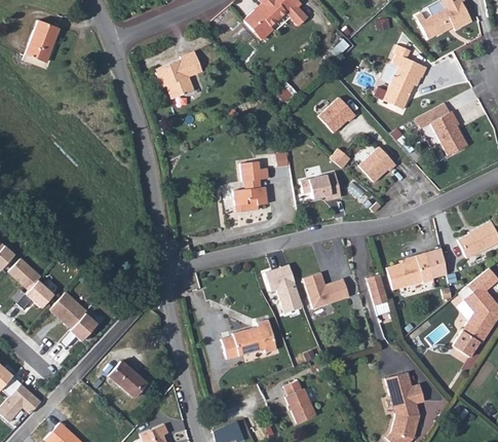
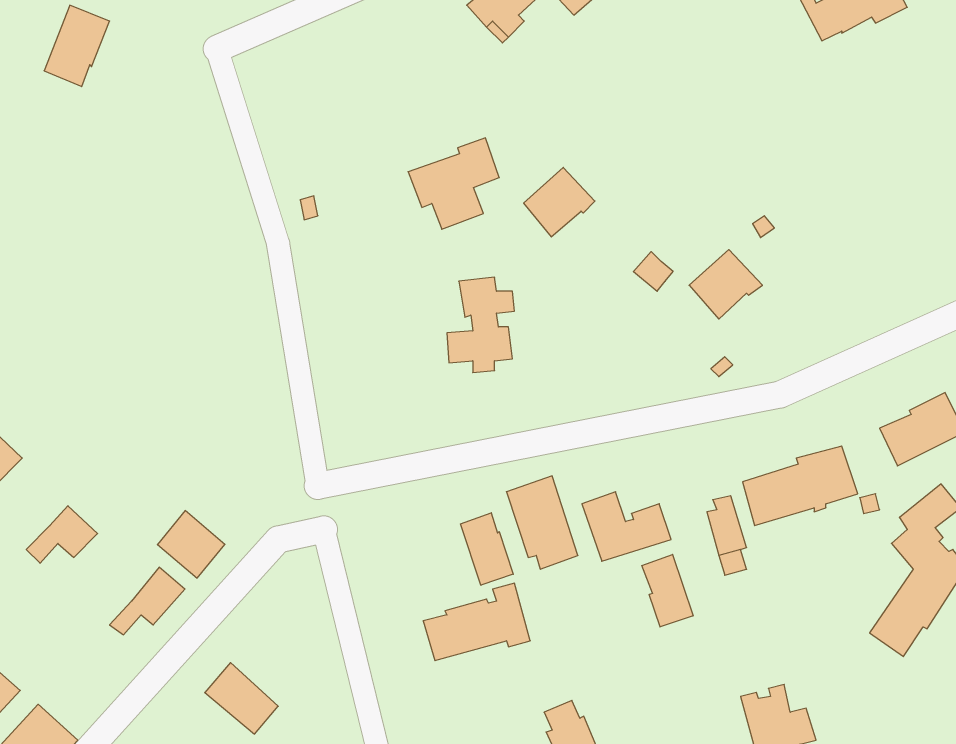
building: [382,45,426,110] -> none
building: [154,51,201,99] -> [408,138,499,229]
building: [318,98,355,134] -> [524,167,595,237]
building: [418,103,467,156] -> none
building: [300,173,340,201] -> none
building: [8,259,40,290] -> none
building: none -> [461,513,513,585]
building: [49,294,84,329] -> [157,511,225,578]
building: none -> [642,554,693,627]

